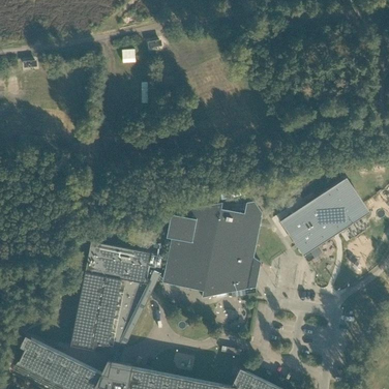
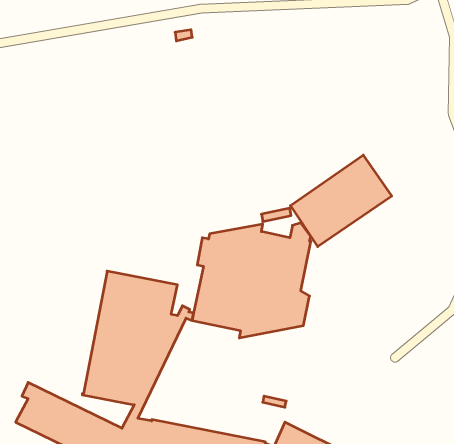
building: [280,179,365,256] -> [290,155,392,247]

